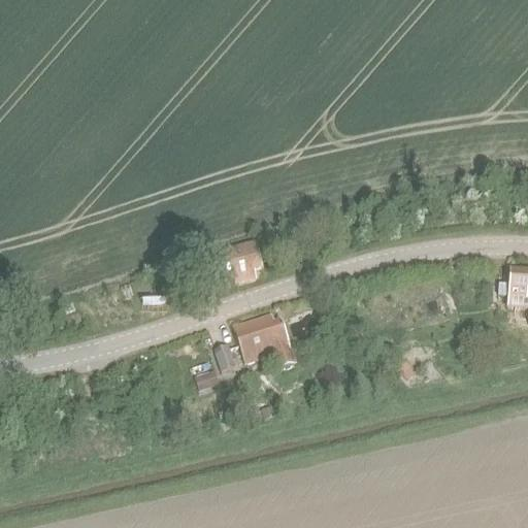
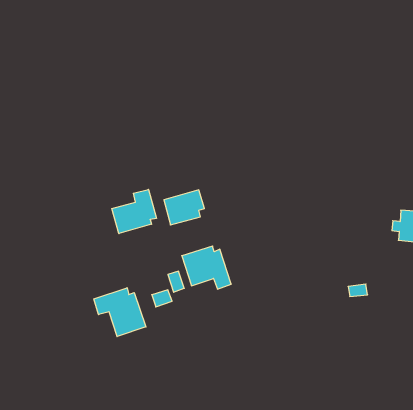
building: none -> [112,189,156,234]
building: none -> [94,288,146,337]

